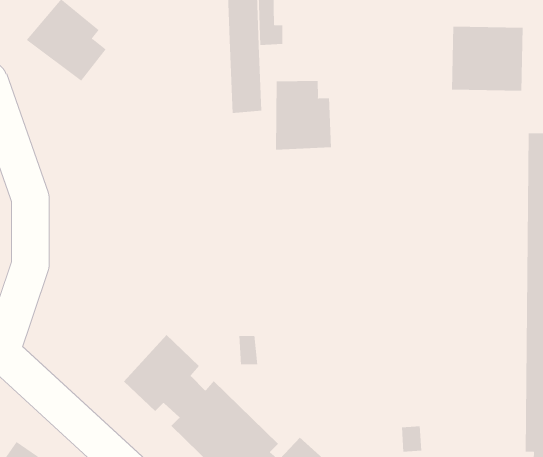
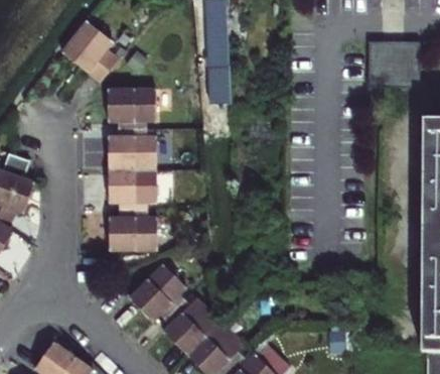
building: [275,80,332,151] -> none
building: none -> [108,88,155,250]

